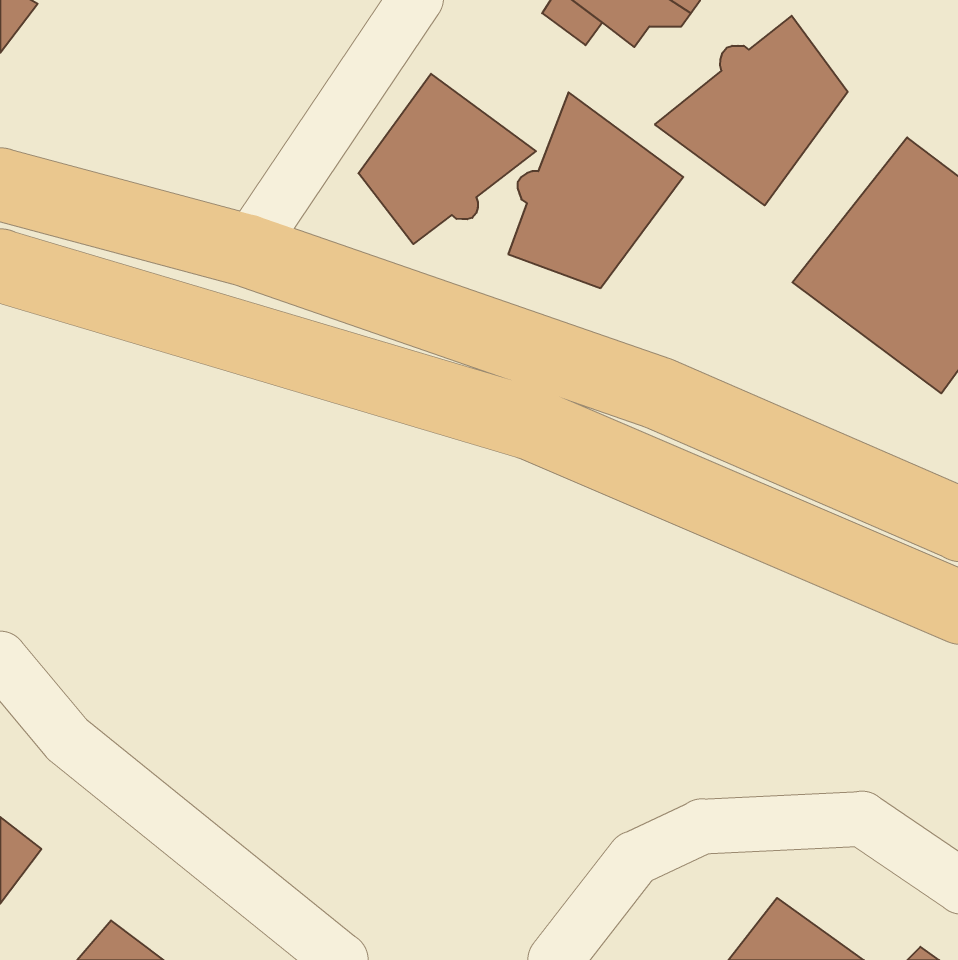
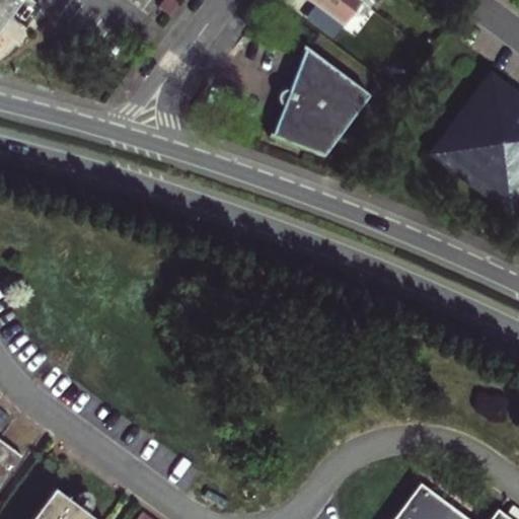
building: [655,16,848,205] -> none
building: [358,74,536,244] -> none

